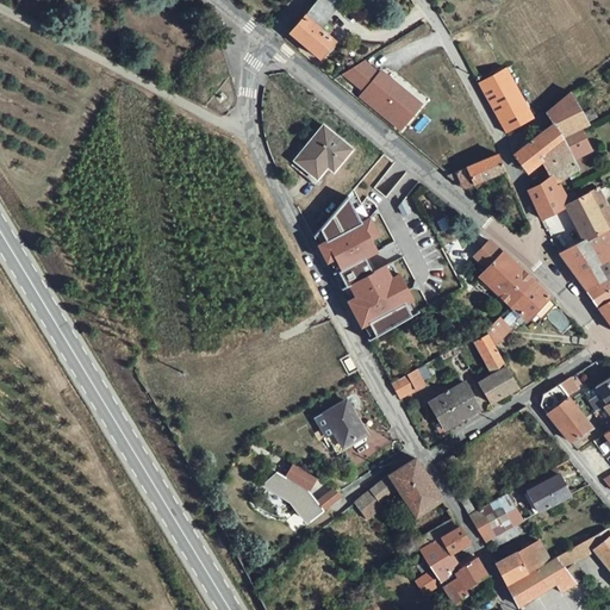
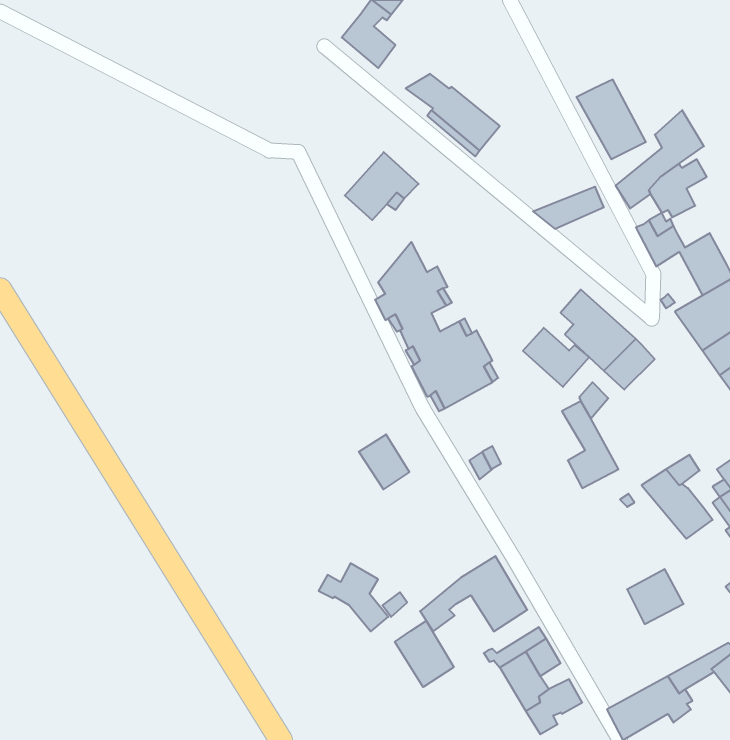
building: none -> [523,328,589,387]
building: [425,380,477,435] -> none
building: [320,399,362,444] -> [359,434,409,489]
building: [468,491,523,541] -> none
building: none -> [395,621,454,687]
building: [497,540,548,583] -> none

